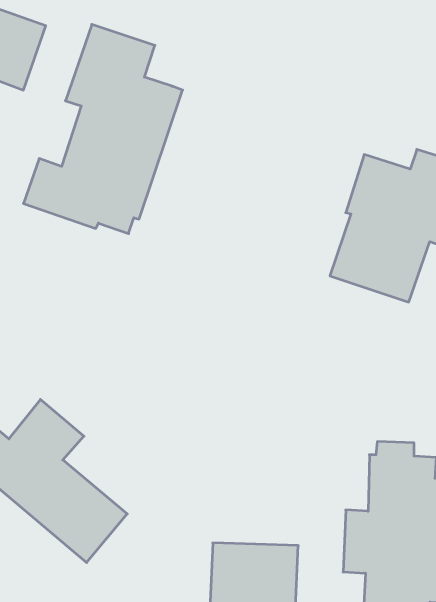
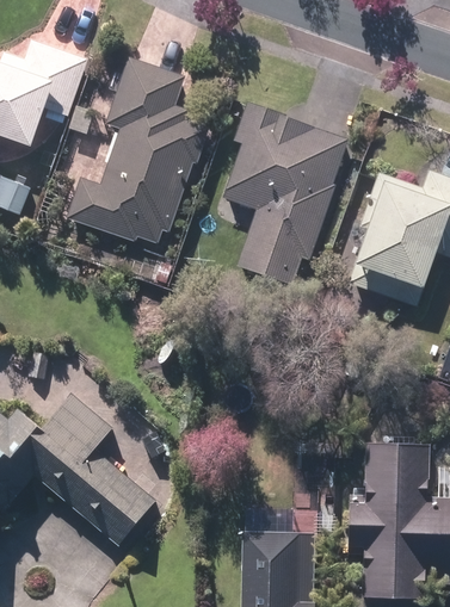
building: none -> [220,103,347,285]

